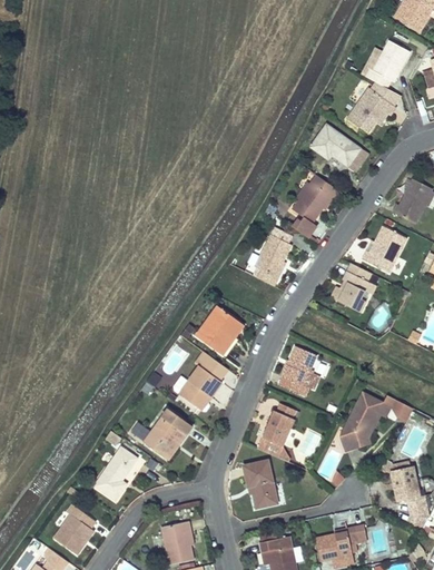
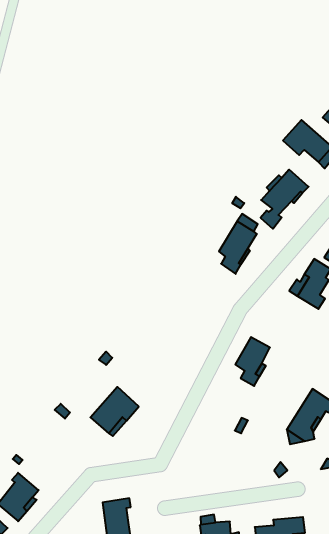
building: [193,307,240,355] -> none
building: [176,353,224,411] -> none
building: [256,403,294,458] -> none
building: [90,448,136,502] -> none
building: [243,461,277,509] -> none

